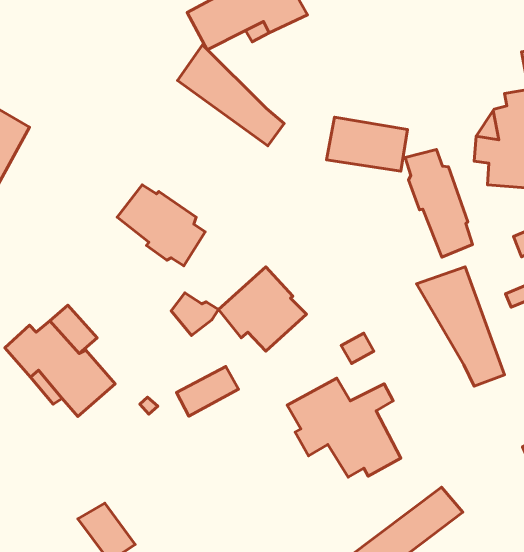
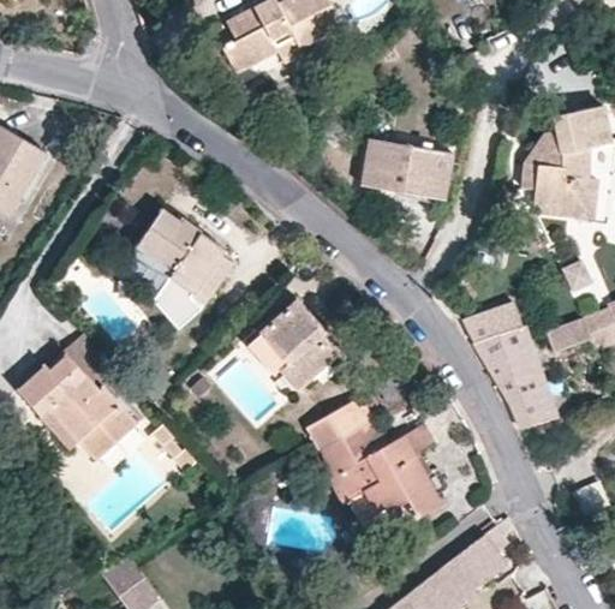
building: [177,45,284,146] -> none
building: [405,150,472,257] -> none
building: [171,293,219,335] -> [160,281,210,327]
building: [176,367,238,416] -> [308,395,374,448]

